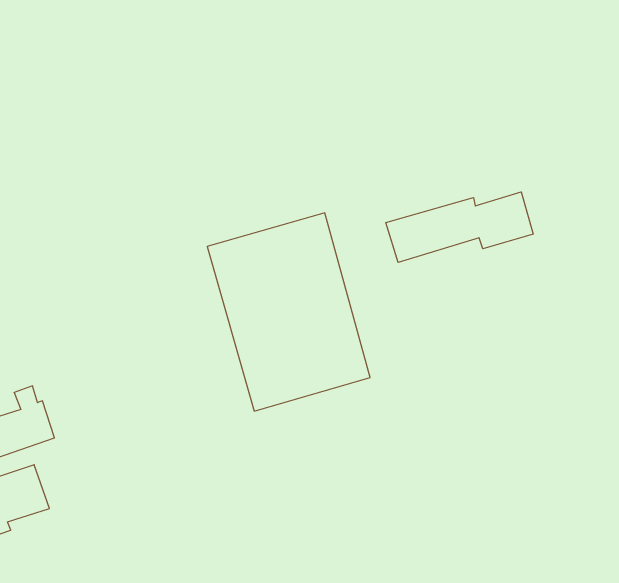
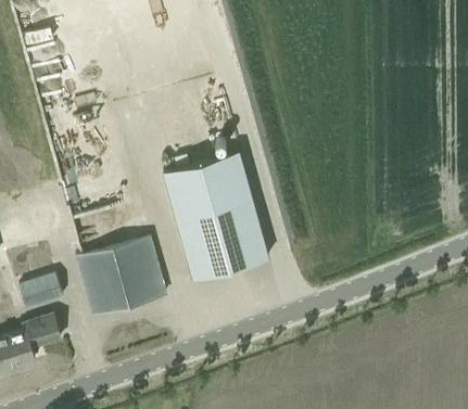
building: [386,192,533,262] -> none
building: none -> [75,239,165,316]

